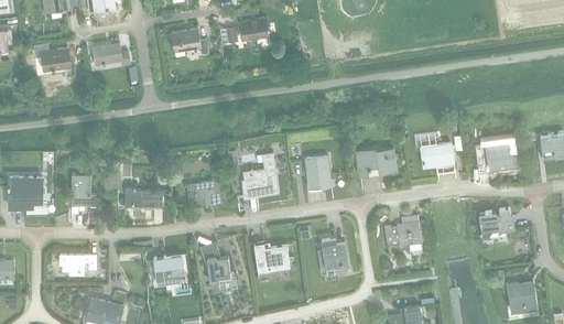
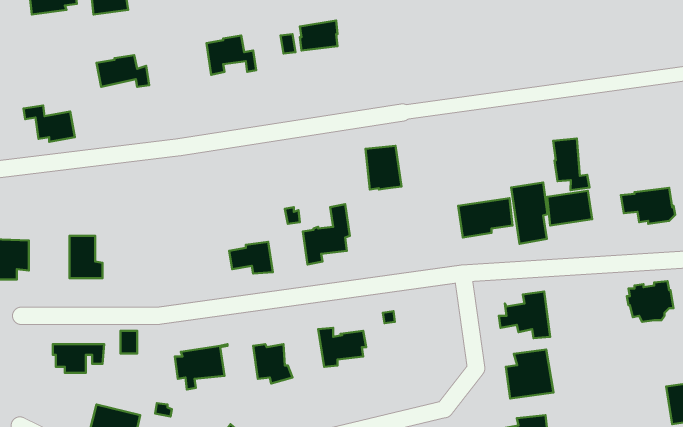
building: [33,44,70,71] -> [24,106,75,142]
building: none -> [553,138,589,190]
building: none -> [511,183,548,244]
building: [305,156,332,188] -> [365,146,402,190]
building: [124,187,163,205] -> none
building: [318,237,348,272] -> none
building: none -> [506,350,554,398]

